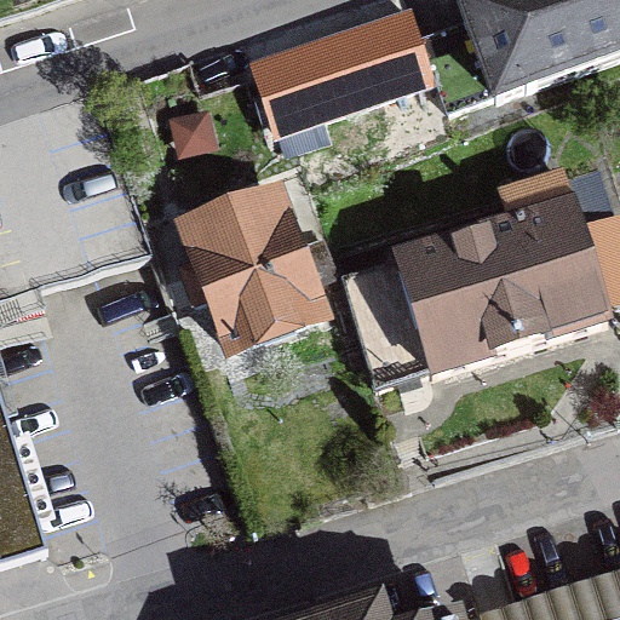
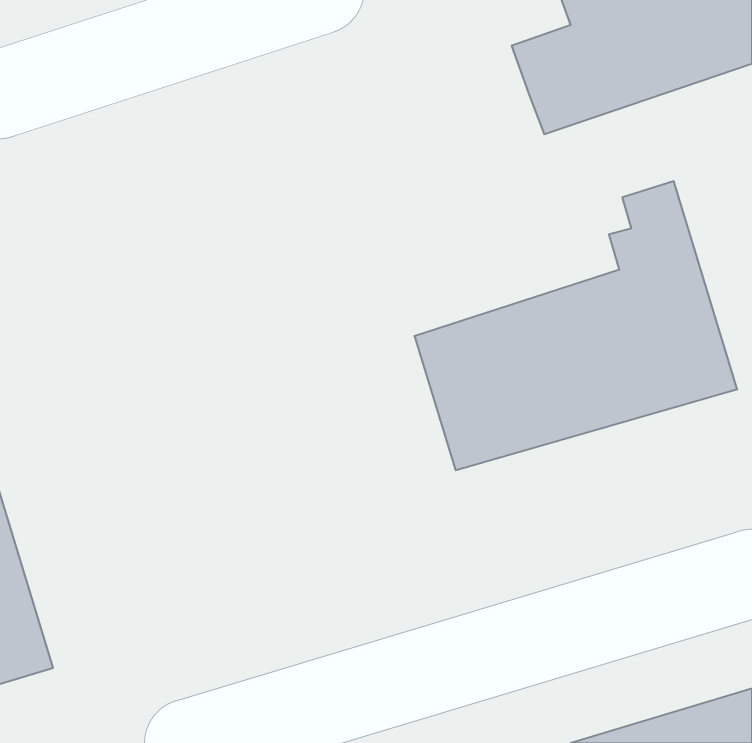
building: [253,11,435,132] -> none
building: [182,194,333,348] -> none

